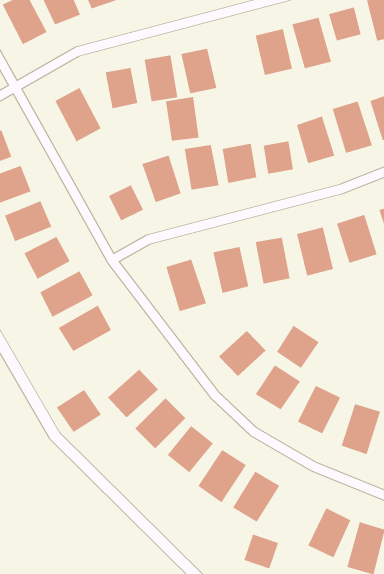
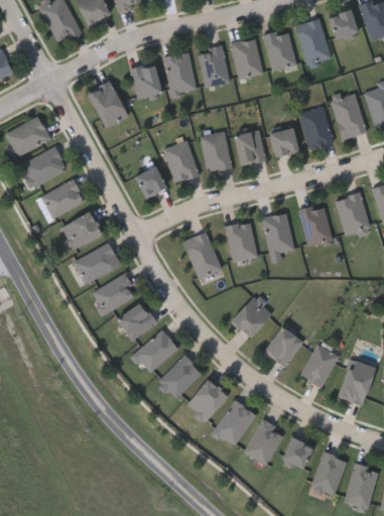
building: [165,97,200,141] -> [232,38,262,78]
building: [276,325,319,369] -> none
building: [56,389,102,433] -> [116,300,156,339]
building: [243,534,279,569] -> [281,436,312,468]

